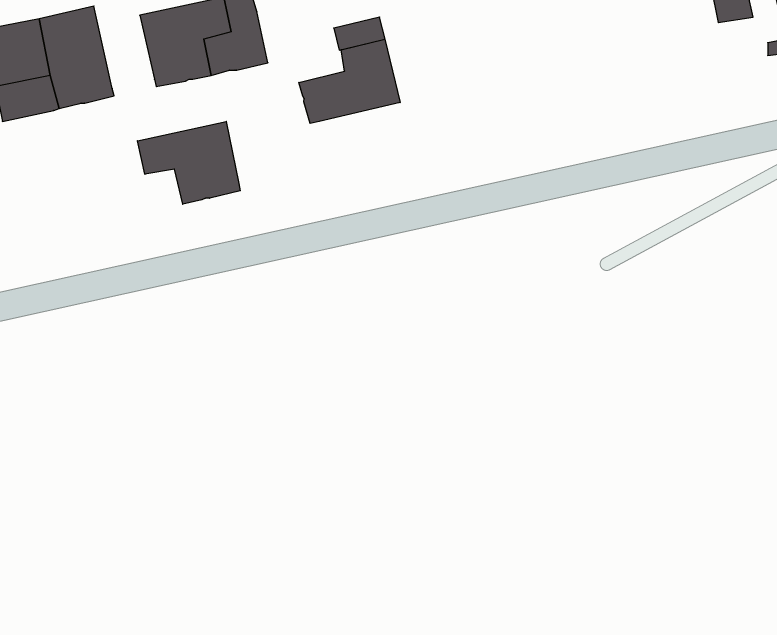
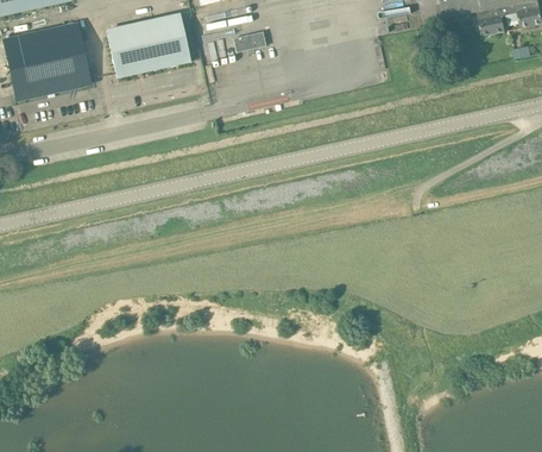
building: [299,39,400,123] -> none
building: [137,121,240,204] -> none

